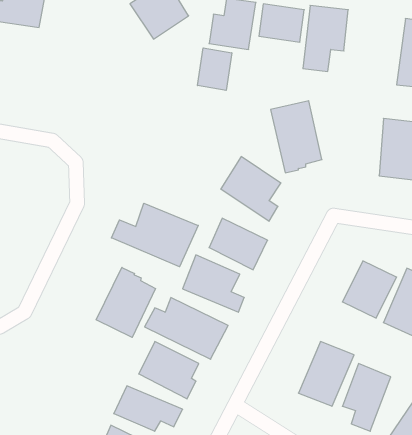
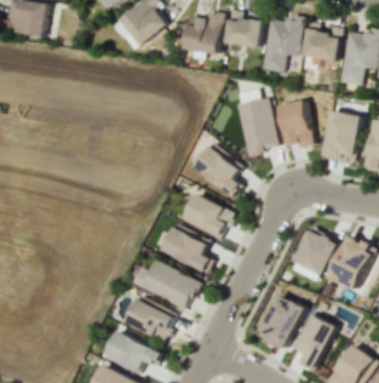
building: none -> [303,22,340,61]
building: [198,48,232,90] -> none
building: none -> [278,101,314,148]
building: [111,203,198,267] -> none
building: [96,267,156,337] -> none

